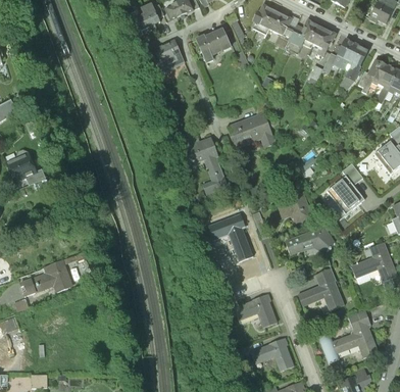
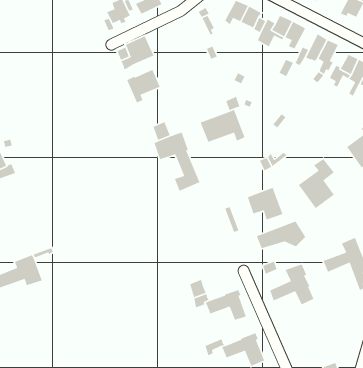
building: [195,29,230,63] -> [126,69,161,103]
building: [208,212,253,261] -> none
building: [316,310,377,363] -> none

